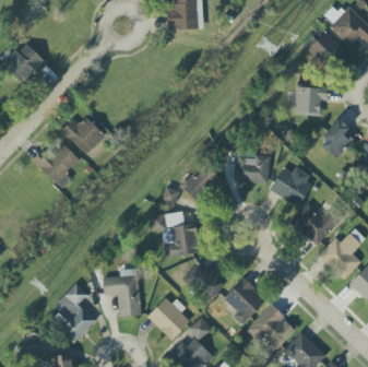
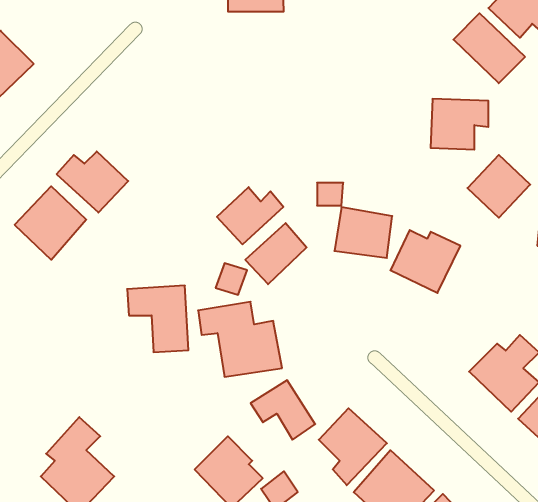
building: none -> [217,187,283,244]
building: [292,203,337,245] -> none
building: [103,275,141,317] -> [127,286,188,352]

